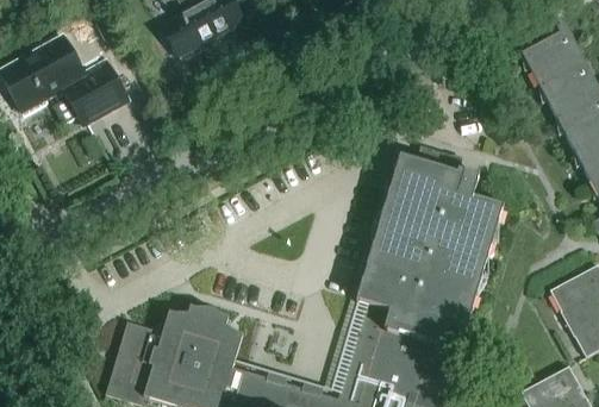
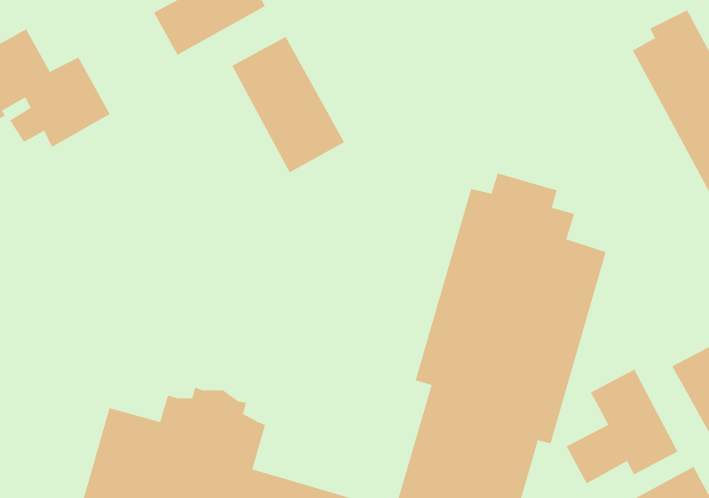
building: none -> [231,36,345,173]
building: none -> [566,369,678,484]

